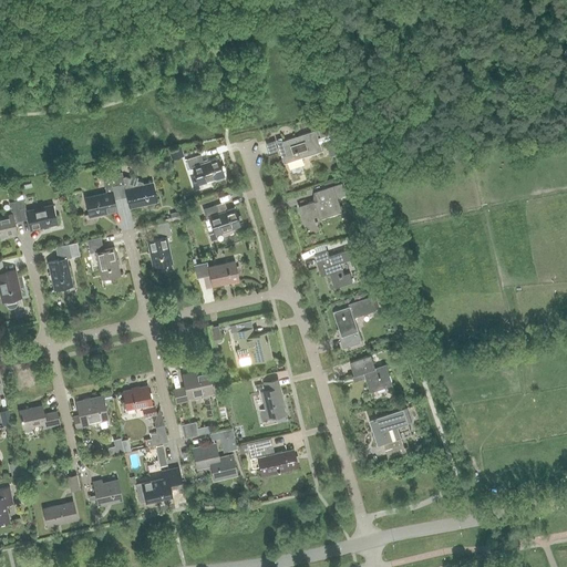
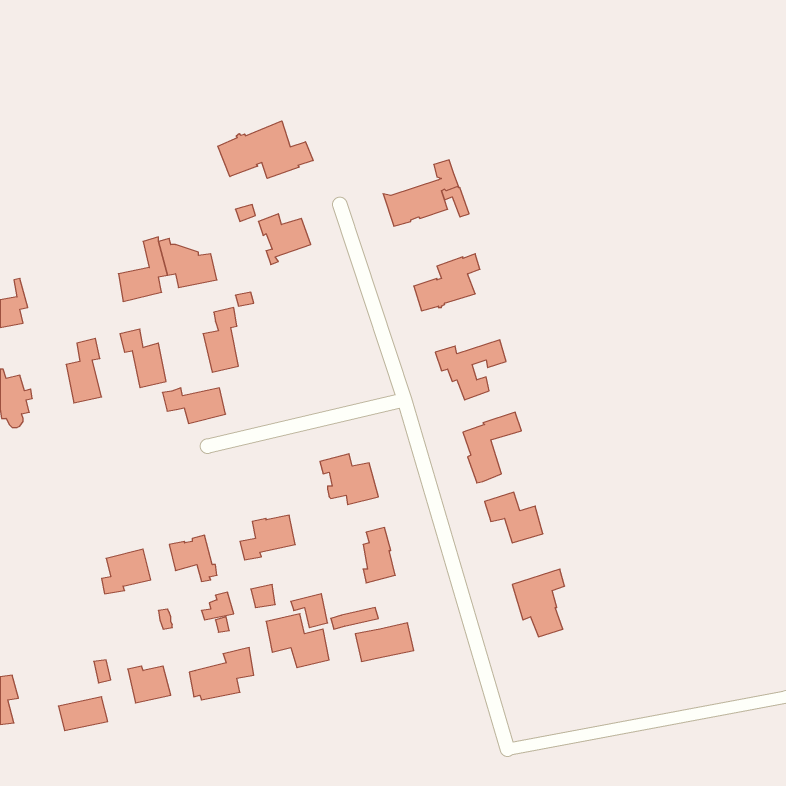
building: none -> [218,121,313,178]
building: [14,199,58,230] -> none
building: [203,204,240,241] -> none
building: [193,261,238,287] -> [162,388,226,423]
building: [19,406,60,432] -> none

